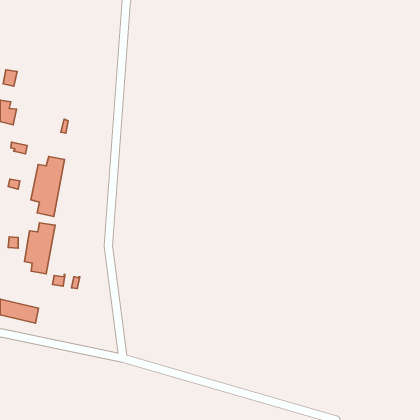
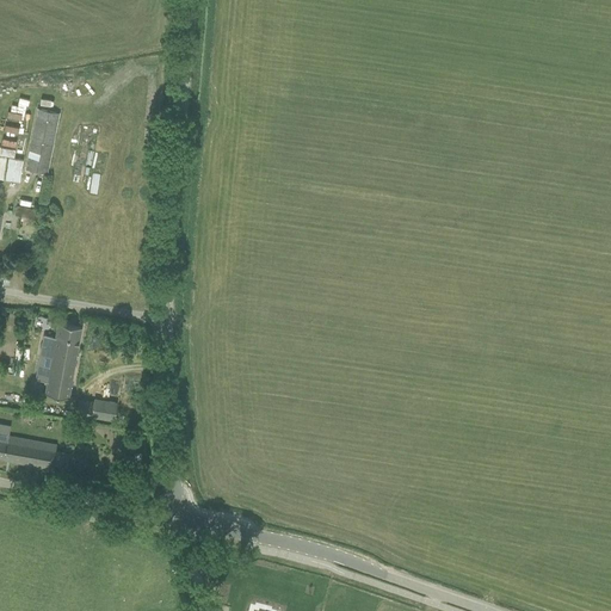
building: none -> [25,109,60,174]
building: [31,156,64,216] -> none

